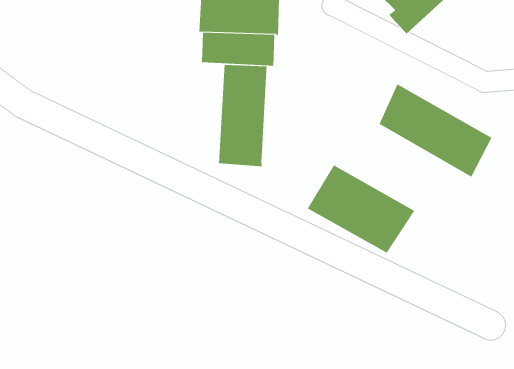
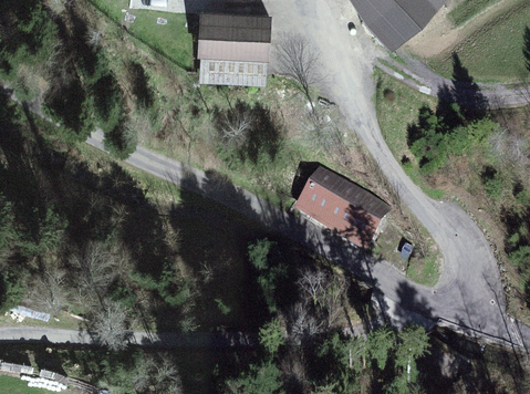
building: [219,64,267,167] -> none
building: [379,84,492,177] -> none

